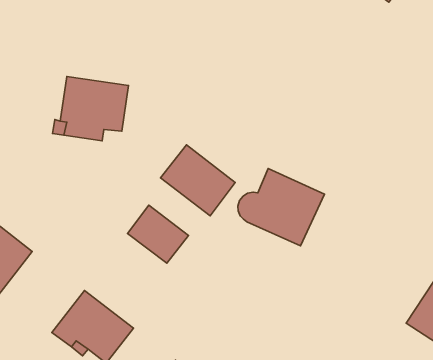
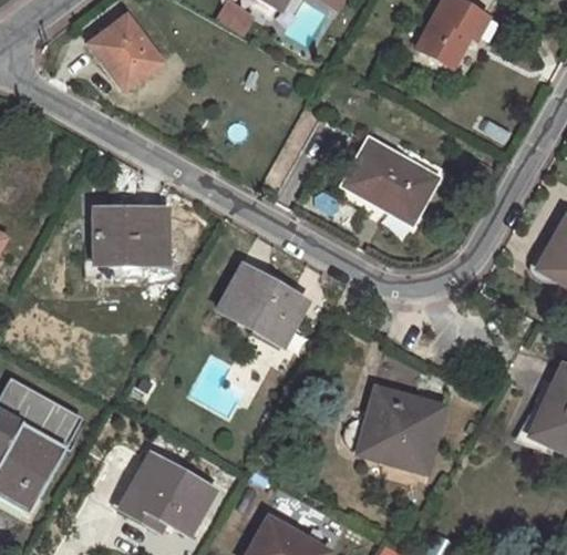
building: none -> [342,137,439,220]
building: [238,169,324,246] -> [346,386,444,470]
building: [127,205,189,263] -> none

